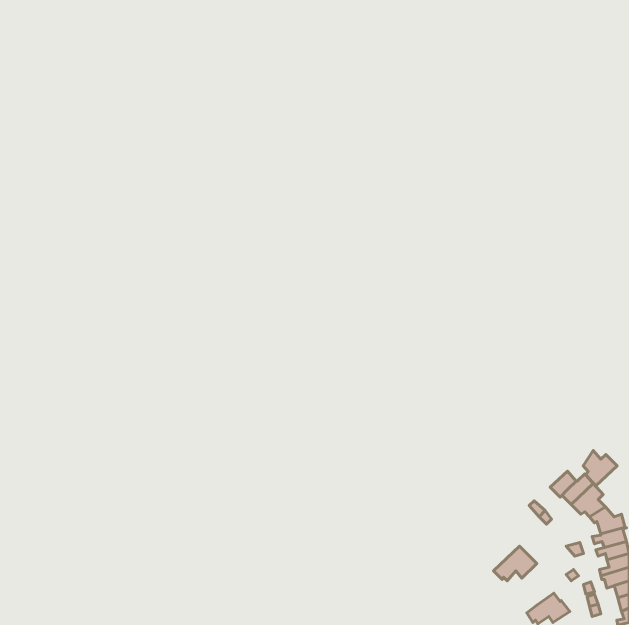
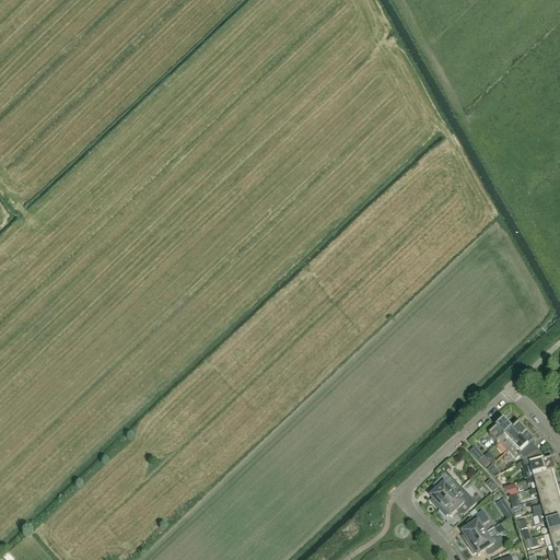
building: [583,451,617,486] -> none
building: none -> [431,463,462,508]
building: none -> [462,509,492,545]

